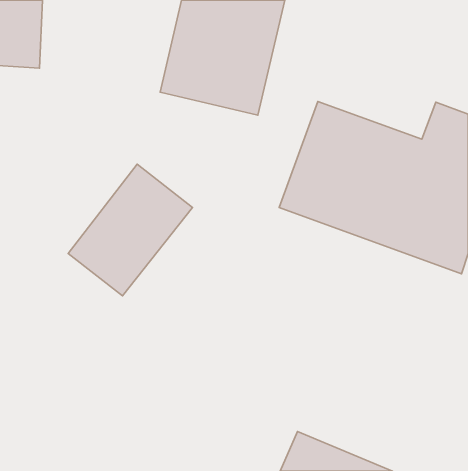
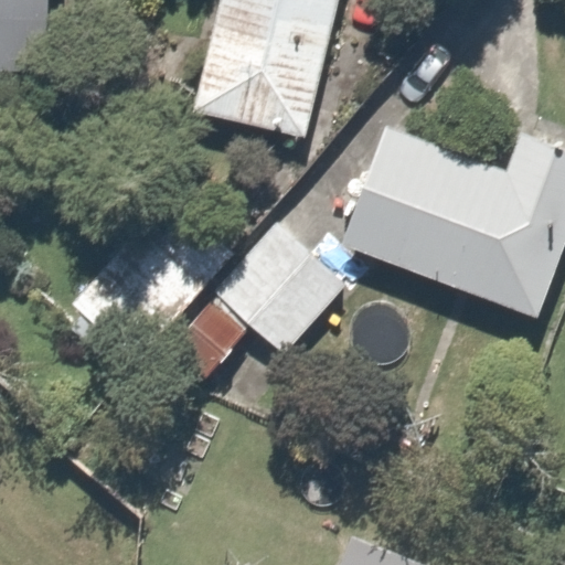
building: none -> [211,221,353,362]

